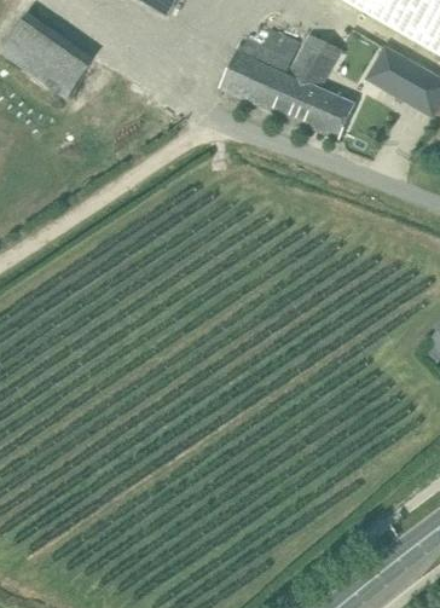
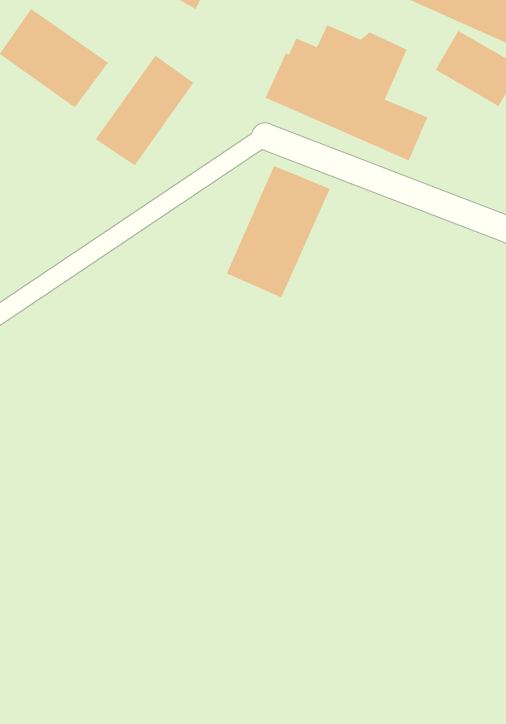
building: none -> [95,55,194,166]
building: none -> [226,165,330,298]

